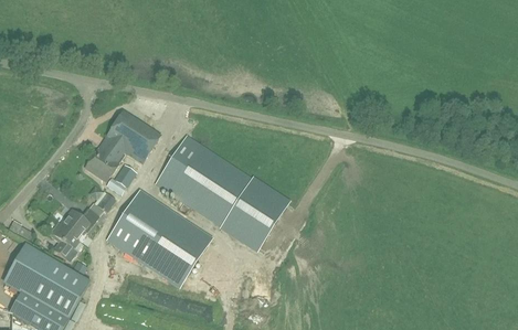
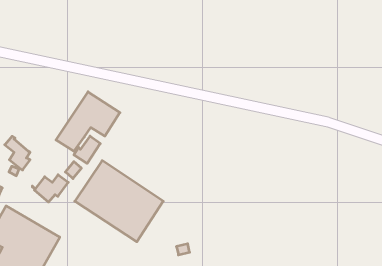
building: [155,134,288,251] -> none
building: [47,221,77,260] -> [5,136,30,170]

